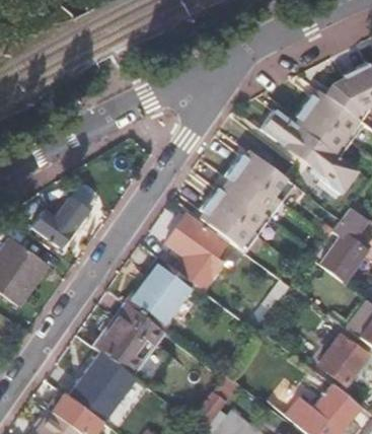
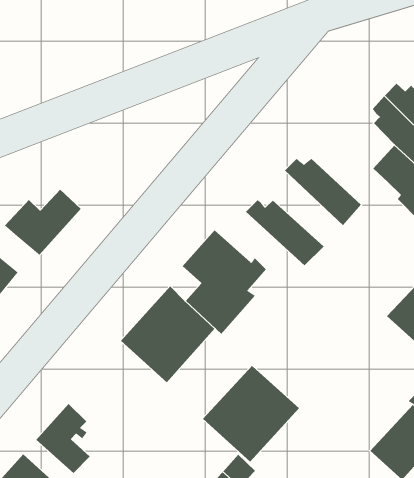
building: [261,107,314,158] -> none
building: [227,166,283,219] -> none
building: [202,200,257,252] -> none
building: [94,303,165,375] -> [202,365,300,462]

